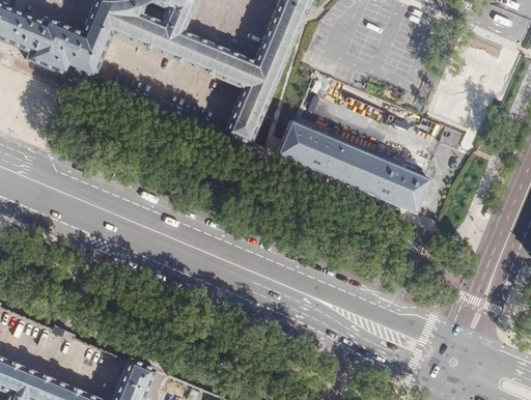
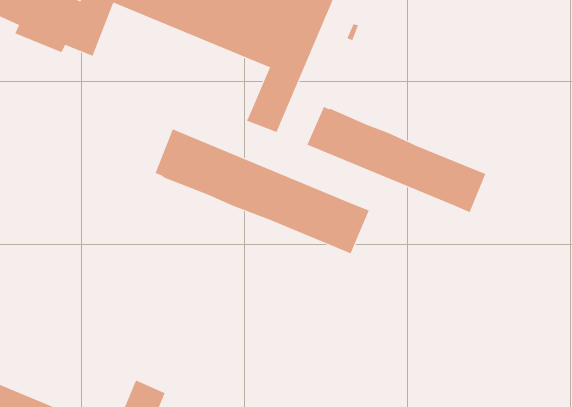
building: none -> [155,128,370,254]

